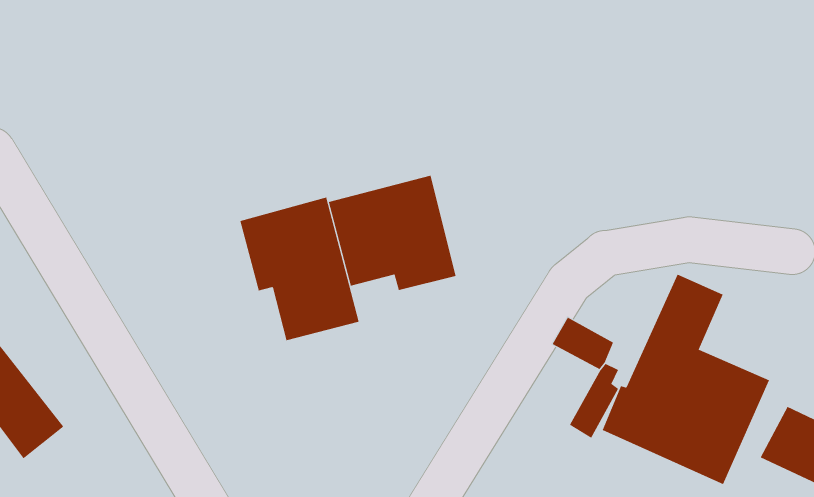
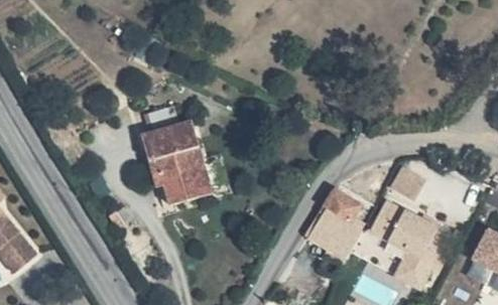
building: [328,175,456,291] -> none
building: none -> [306,205,353,253]

